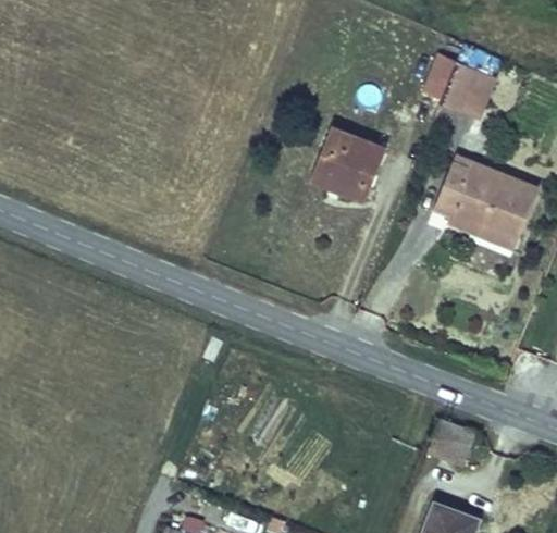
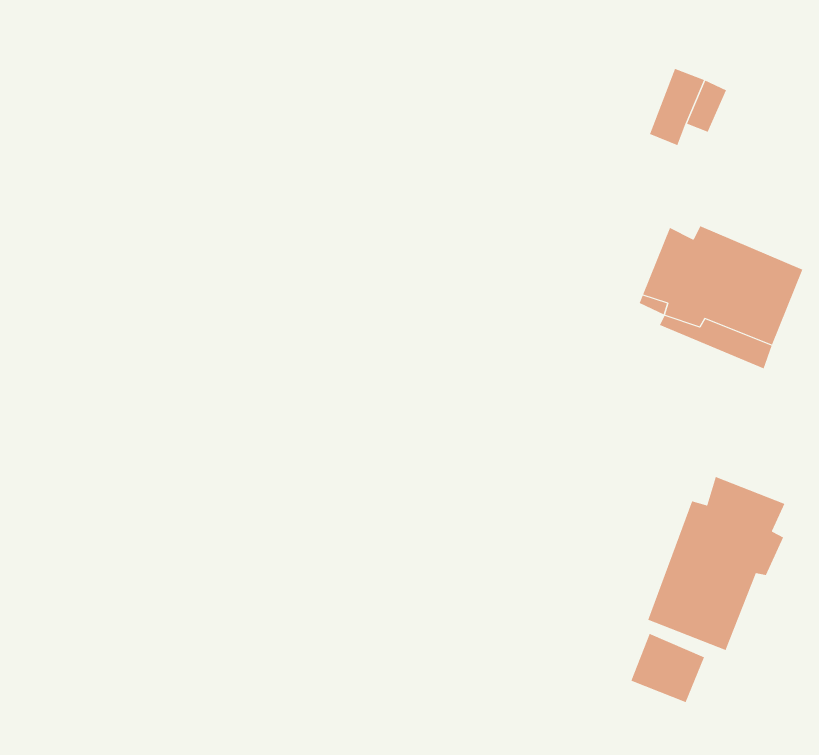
building: [309,126,385,200] -> none
building: none -> [648,476,785,651]

